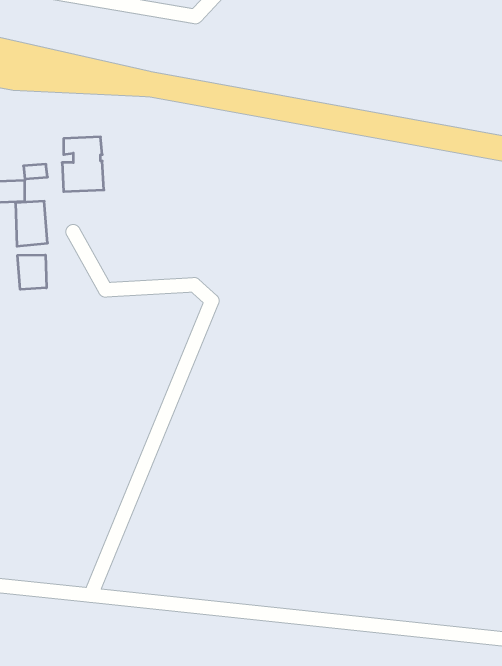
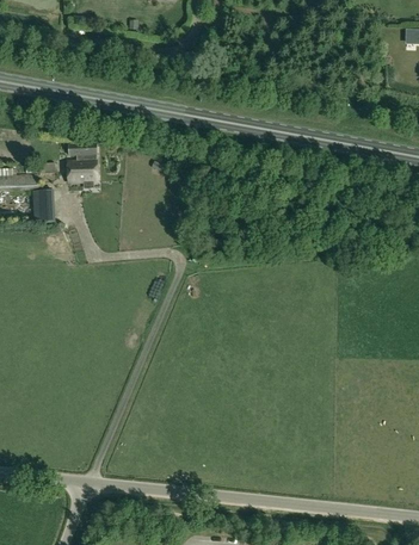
building: [18,255,46,289] -> none

